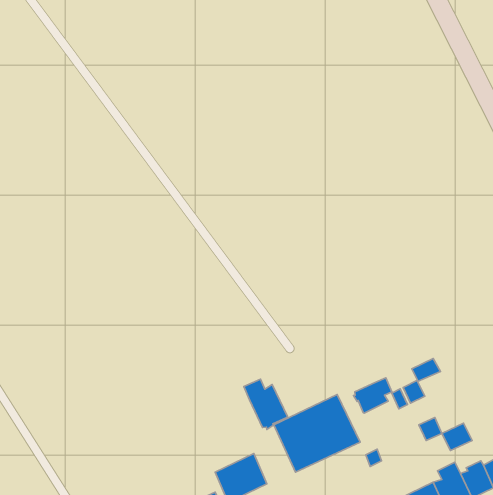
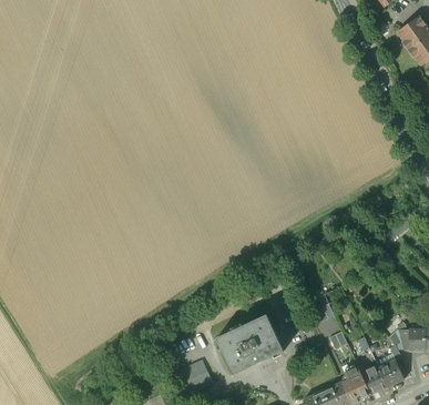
building: [353,378,392,413] -> none
building: [244,379,288,429] -> none

